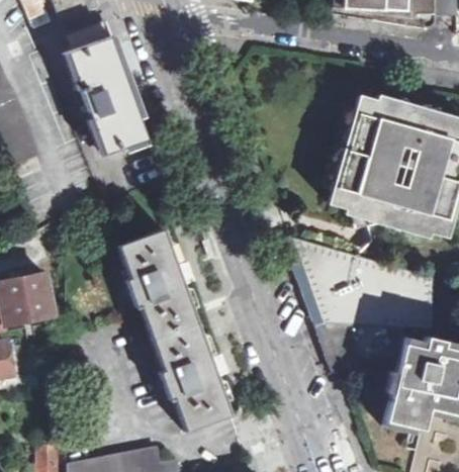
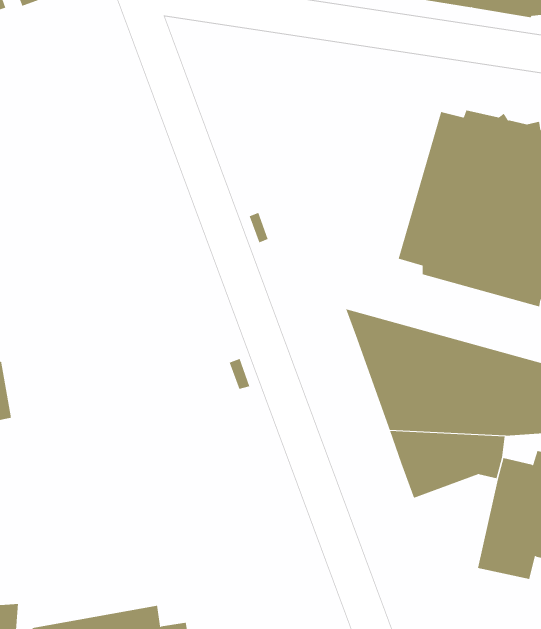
building: [66,20,147,154] -> none
building: [118,228,231,431] -> none

